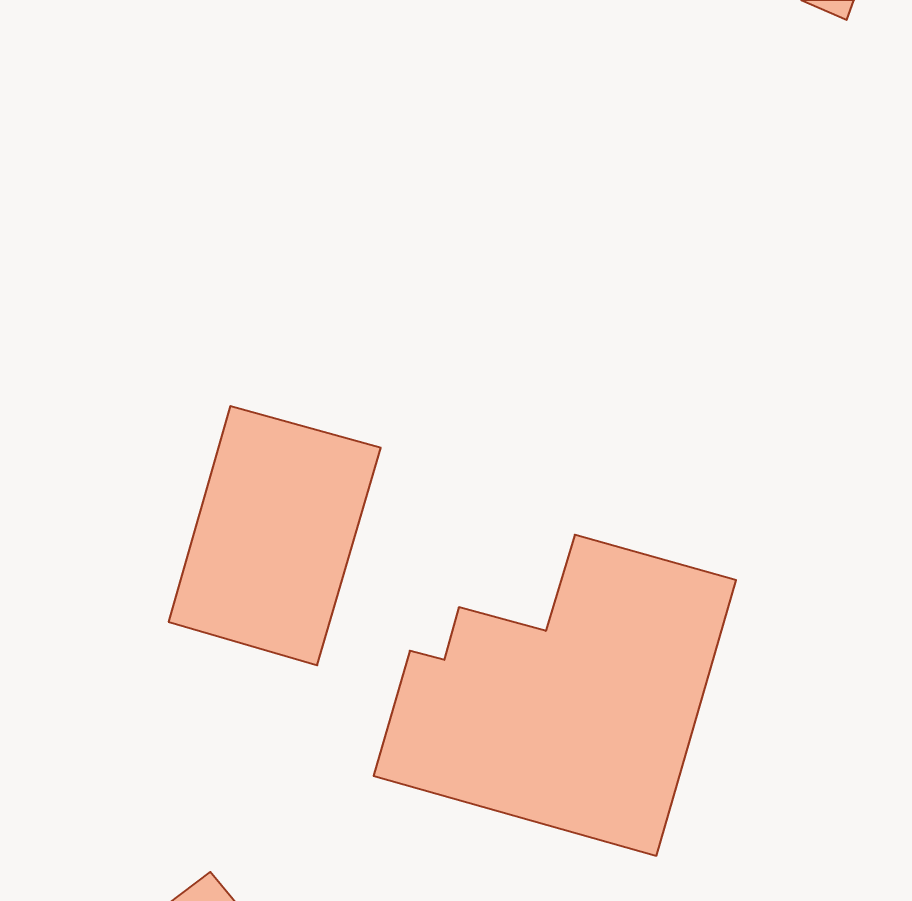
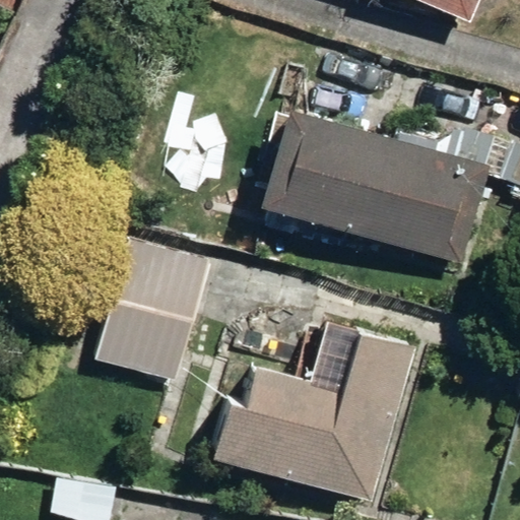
building: none -> [272,114,492,268]

